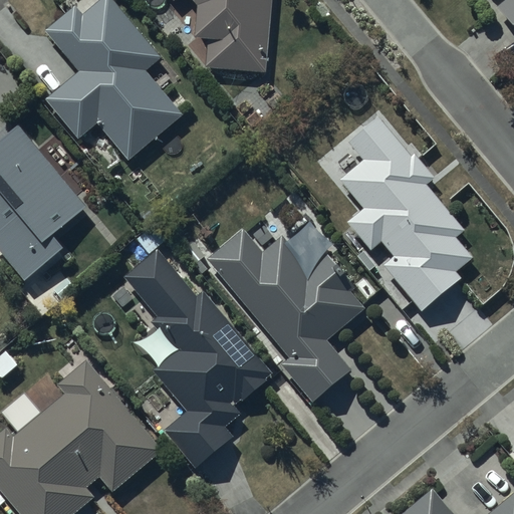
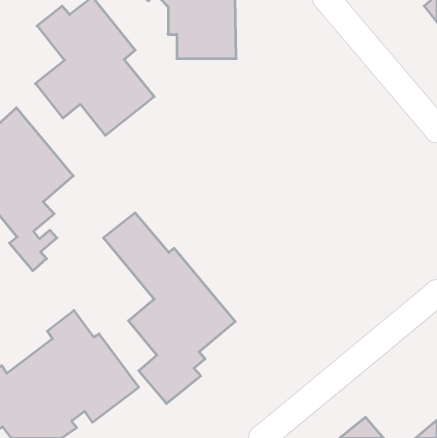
building: [337,115,475,316] -> none
building: [203,221,370,403] -> none

